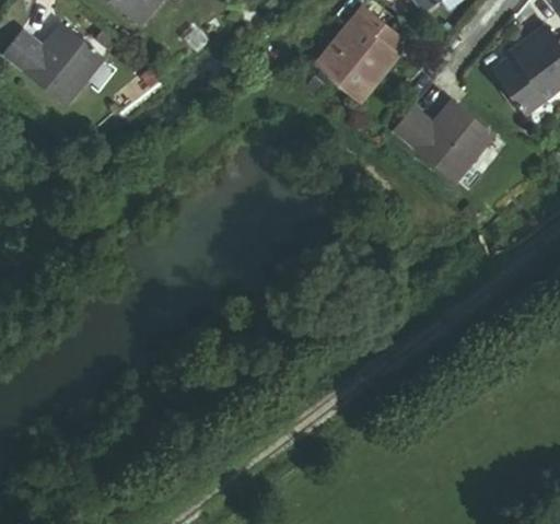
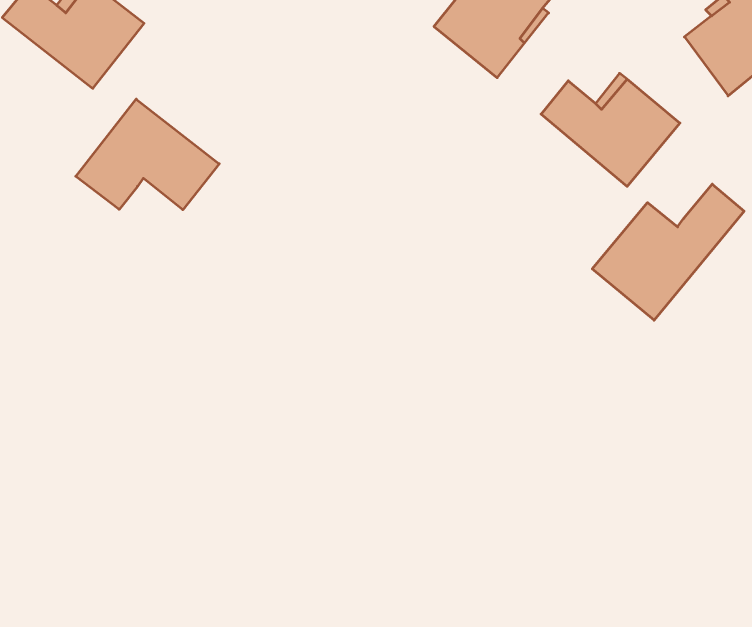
building: none -> [76,99,219,210]
building: none -> [592,184,744,320]

